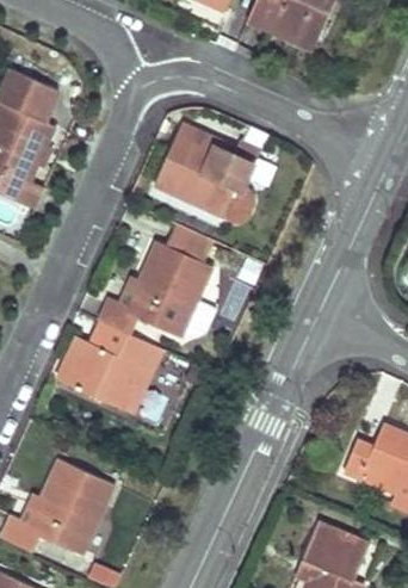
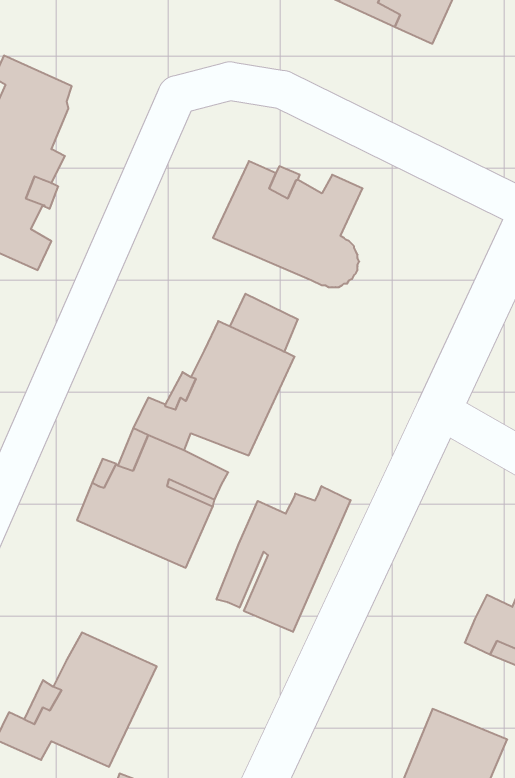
building: none -> [217,486,351,632]

